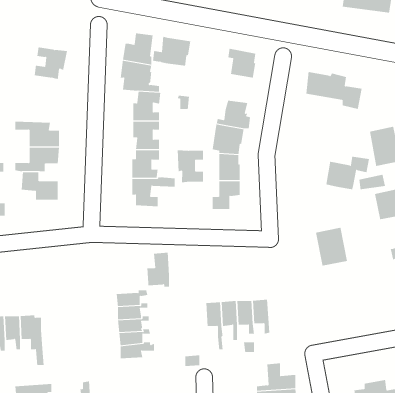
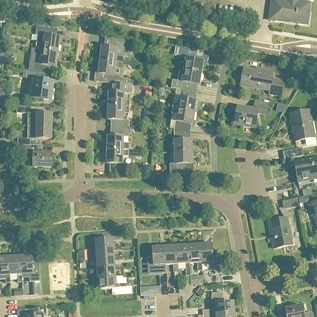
building: none -> [34,25,59,51]
building: [152,36,191,66] -> [170,68,200,91]
building: none -> [20,69,52,99]
building: [177,150,204,183] -> none
building: [326,156,370,190] -> [233,101,267,127]
building: [315,227,348,266] -> [266,217,291,247]
building: [147,252,170,289] -> [146,245,164,273]

